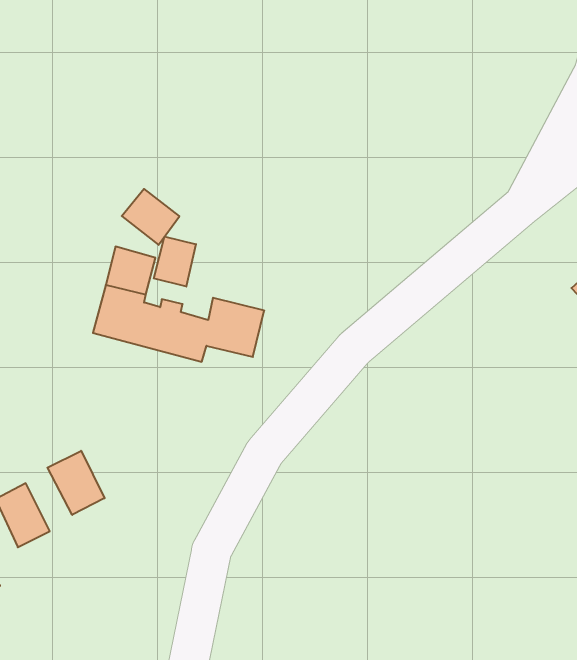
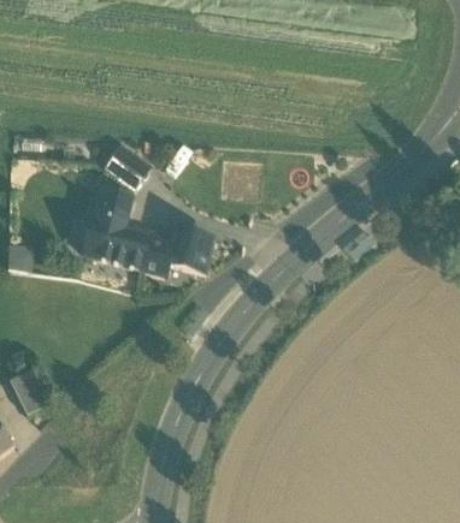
building: [154,237,196,287] -> none
building: [47,451,105,515] -> none

